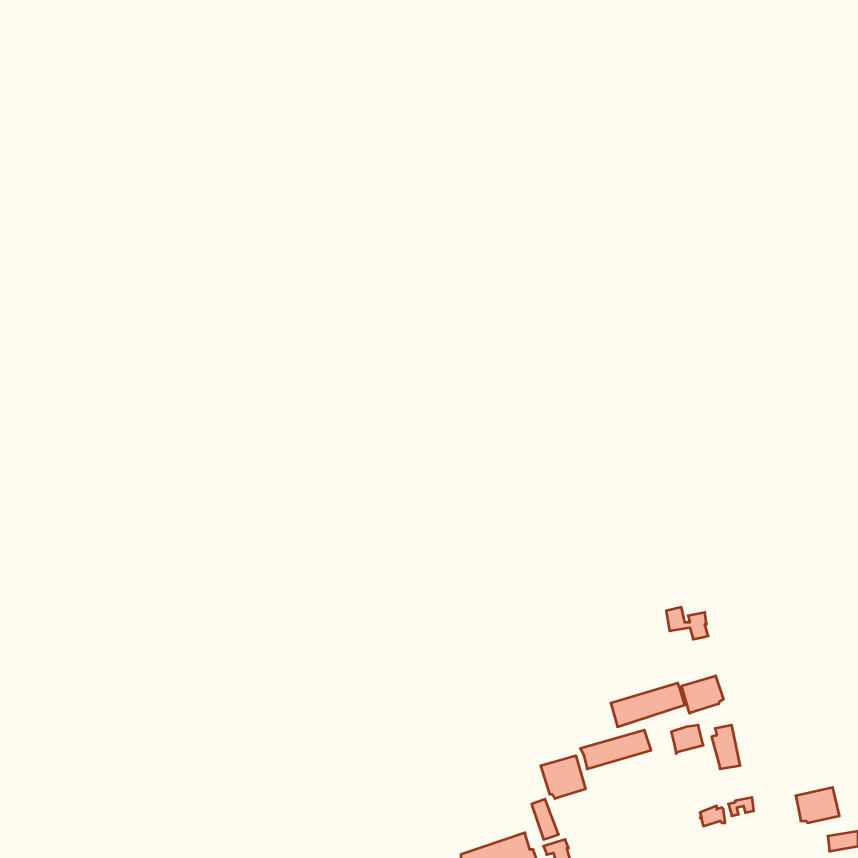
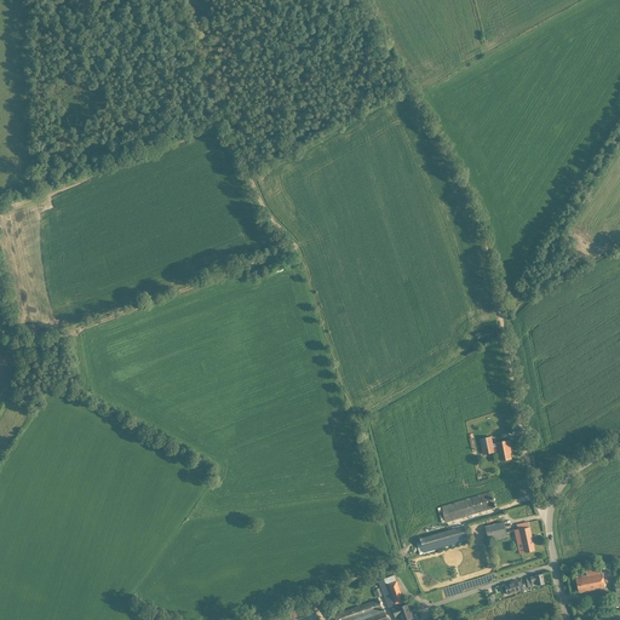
building: [682,676,723,713] -> none
building: [541,756,585,799] -> none

